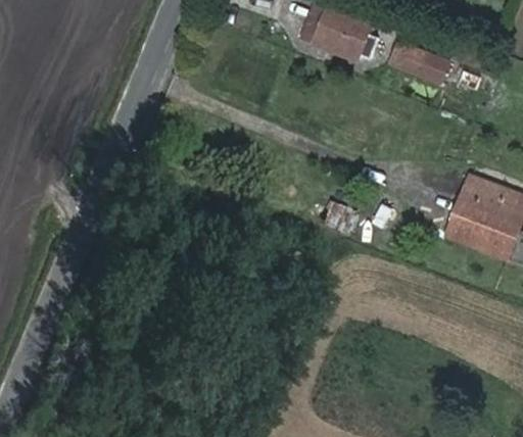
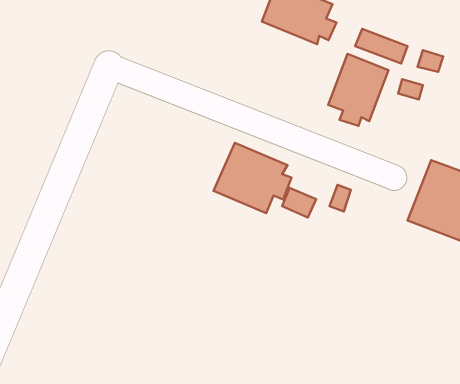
building: none -> [328,54,388,126]
building: none -> [214,143,291,213]

